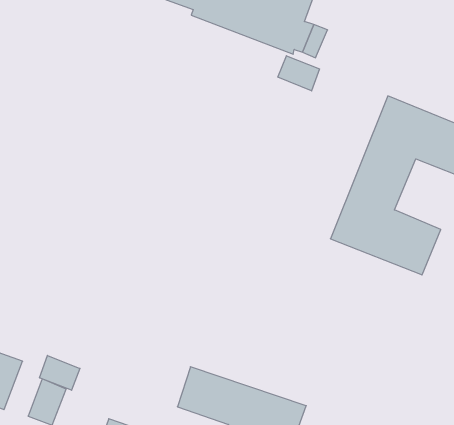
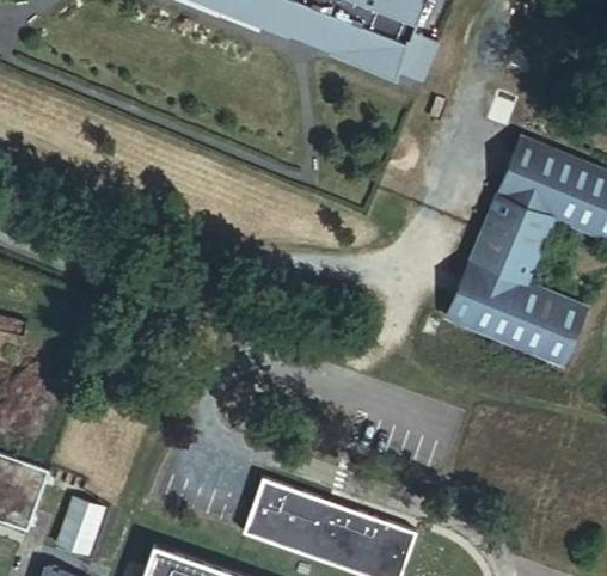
building: [278,56,320,91] -> none
building: [40,355,80,390] -> none

